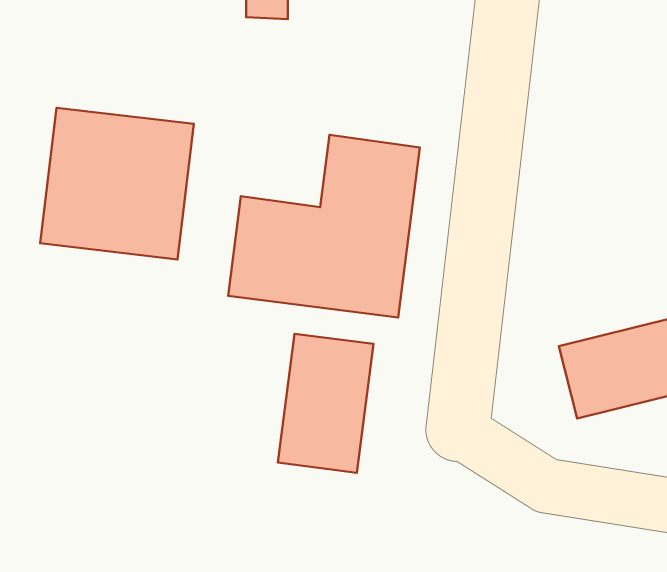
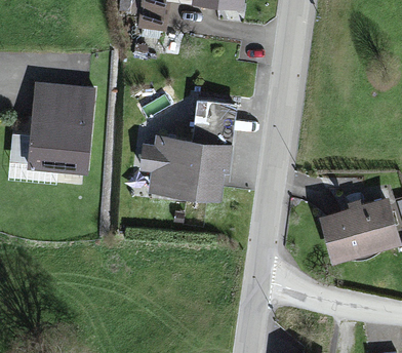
building: [278,334,373,473] -> none

